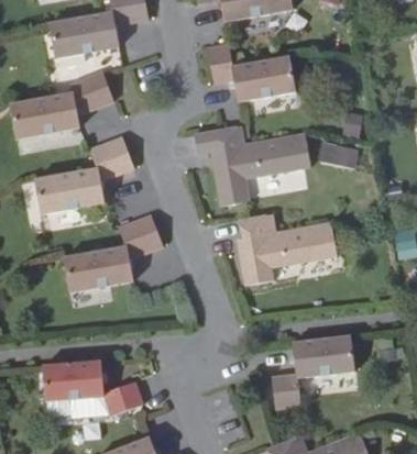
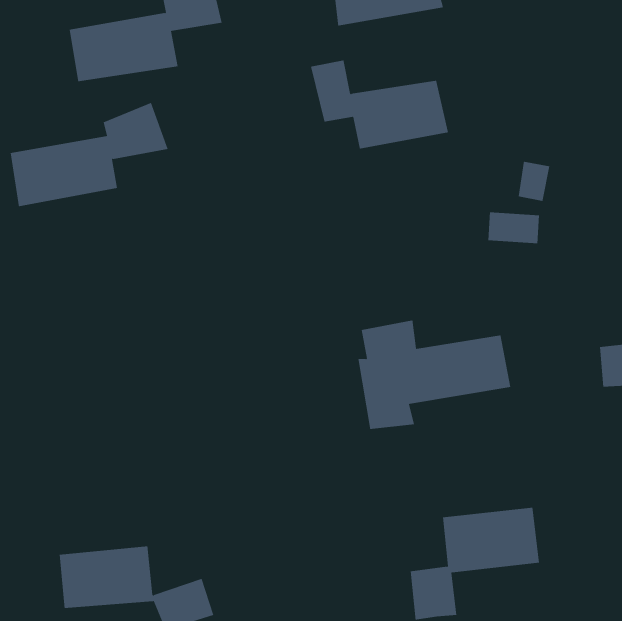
building: [194,125,311,208] -> none
building: [34,137,134,214] -> none
building: [63,214,163,294] -> none

